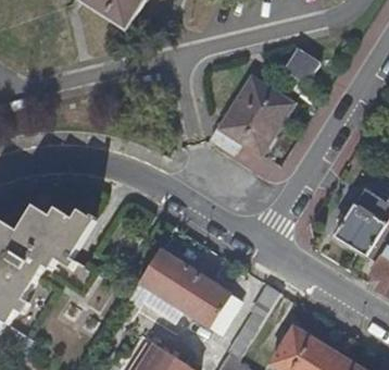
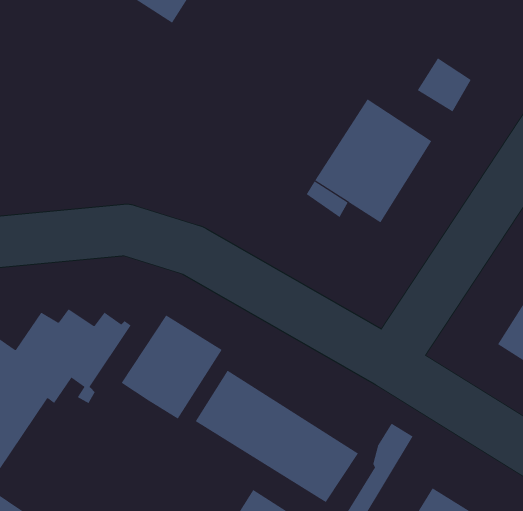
building: none -> [121,314,222,420]

